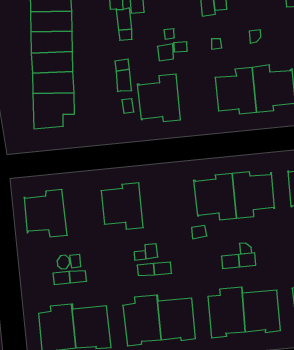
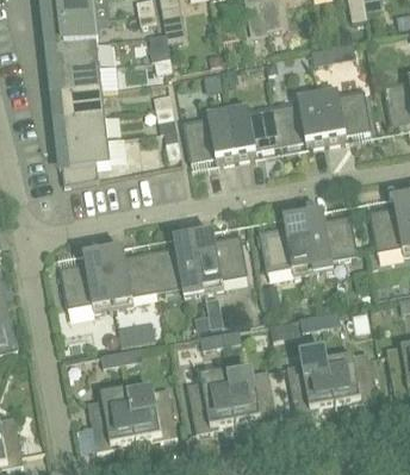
building: none -> [226,101,280,158]
building: none -> [193,232,247,289]
building: none -> [102,249,156,306]

